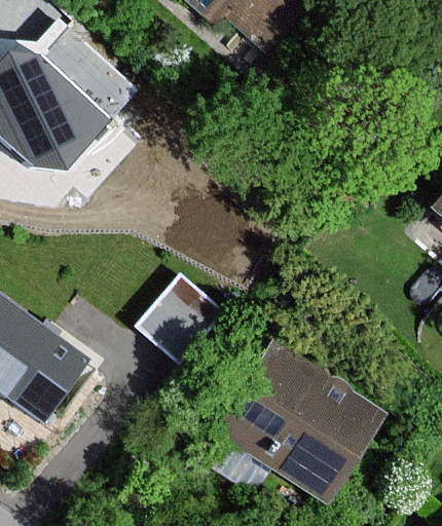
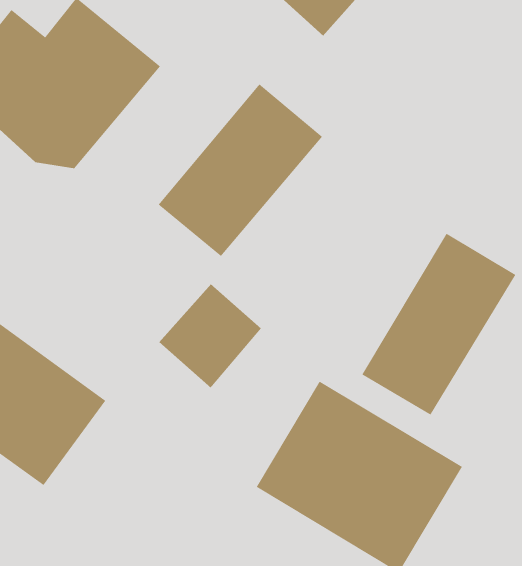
building: none -> [158,83,323,257]
building: none -> [362,233,516,416]

